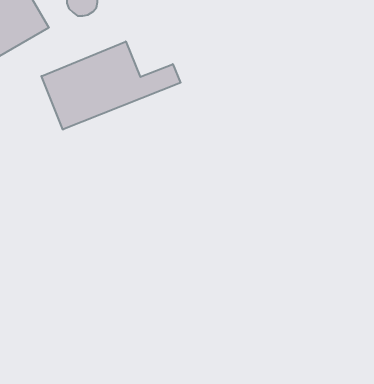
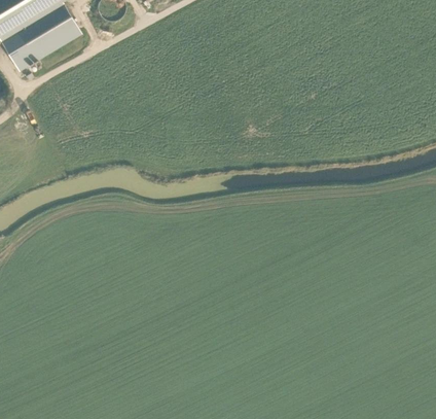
building: [41,41,181,130] -> none

